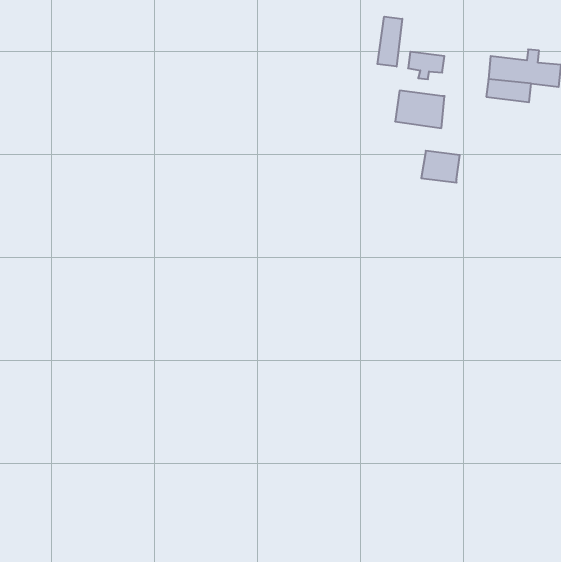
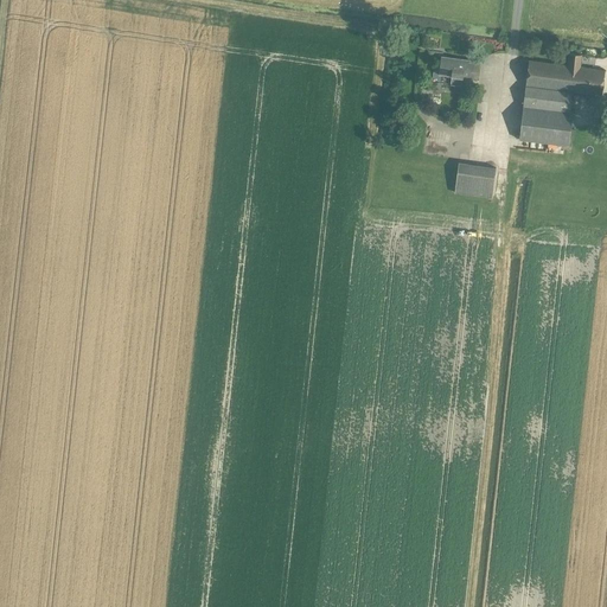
building: [377,17,402,67] -> none
building: [395,91,445,128] -> [519,104,573,145]

